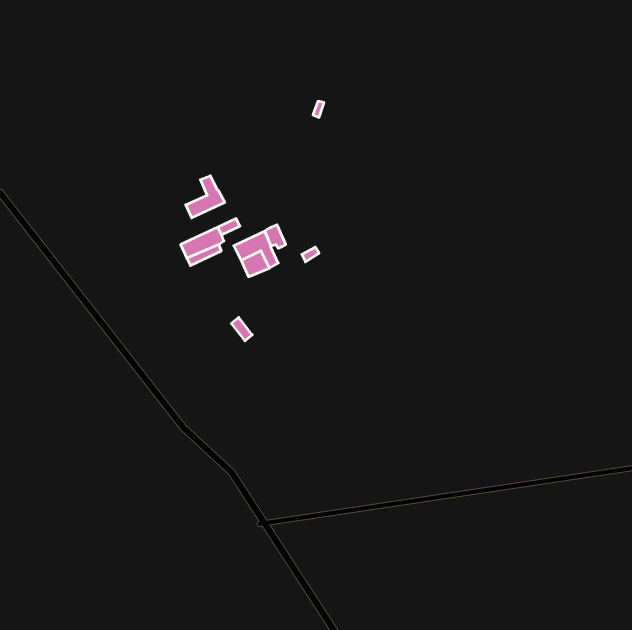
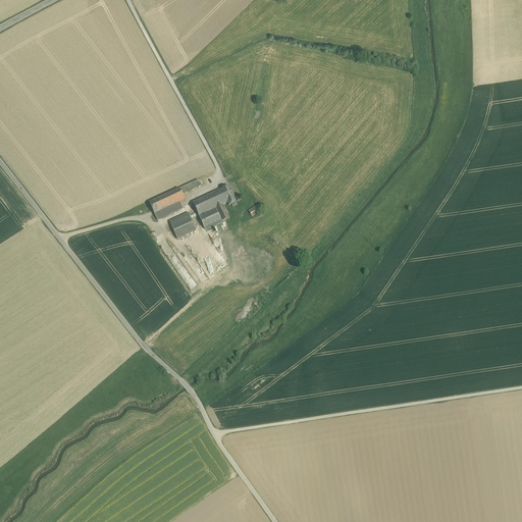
building: [186,176,225,218] -> none
building: none -> [169,212,196,238]

